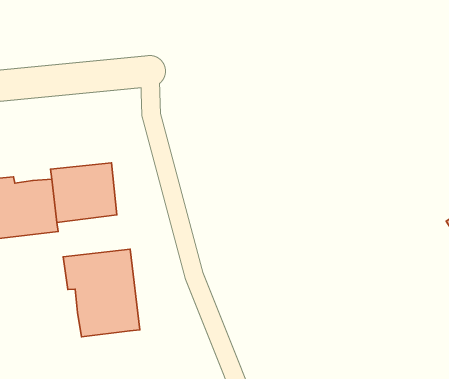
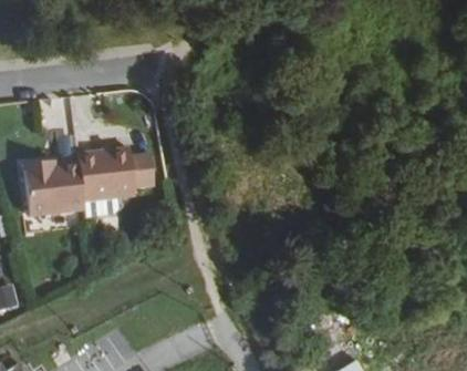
building: [63,249,140,337] -> none

